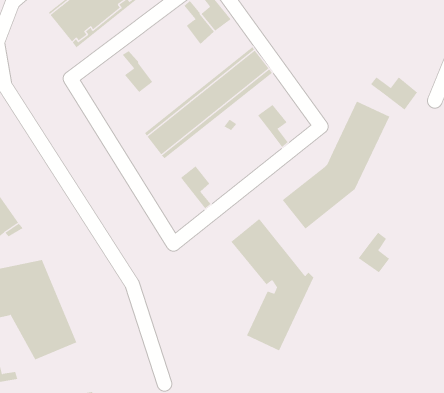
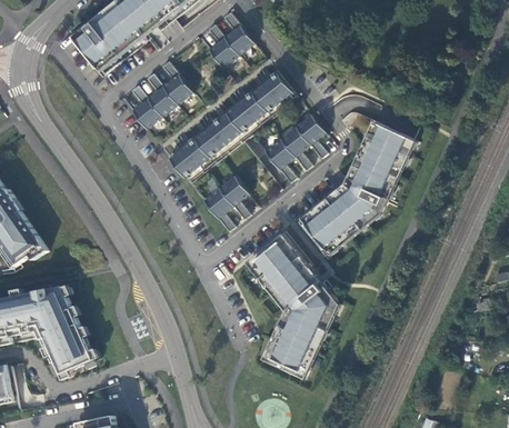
building: none -> [160,59,191,103]
building: none -> [130,83,161,128]
building: [370,77,418,110] -> none
building: none -> [295,112,326,157]
building: none -> [263,137,295,181]
building: none -> [218,175,249,218]
building: [358,232,390,273] -> none

